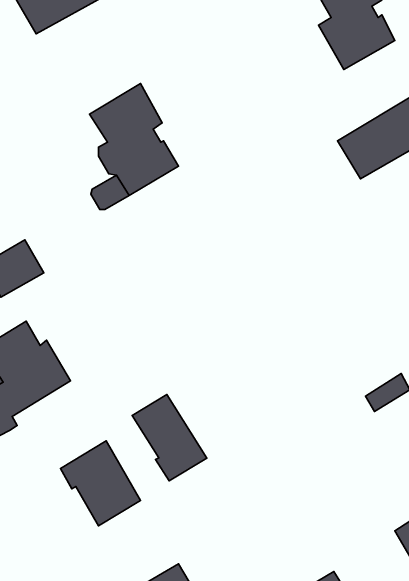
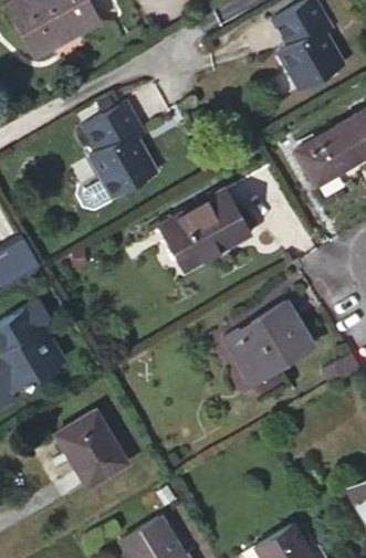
building: none -> [163,193,245,262]
building: none -> [222,302,312,383]
building: [132,395,207,481] -> none

